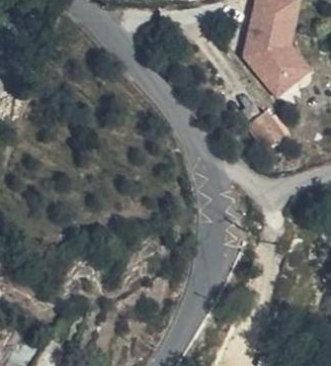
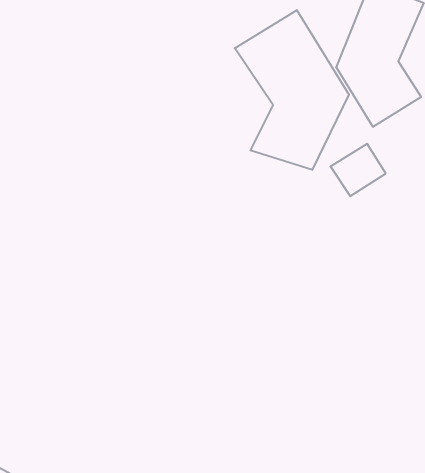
building: none -> [235,10,349,170]

